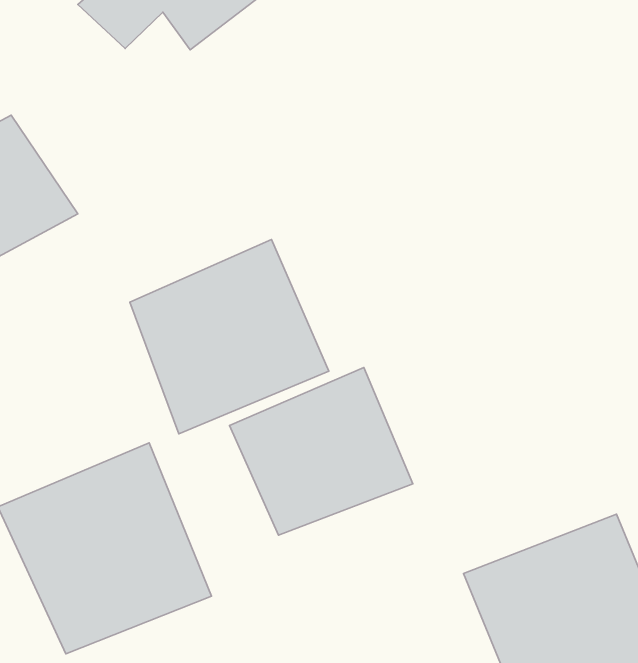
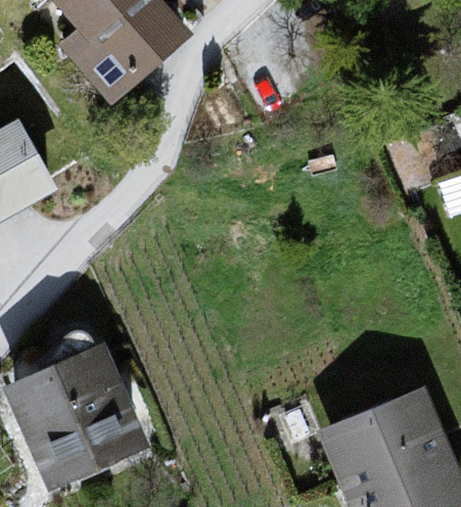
building: [130,240,329,434] -> none
building: [229,367,413,535] -> none

